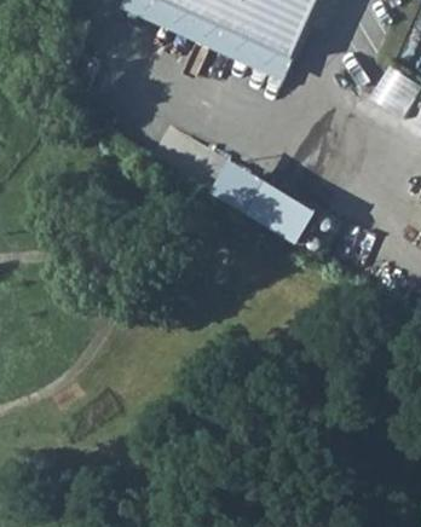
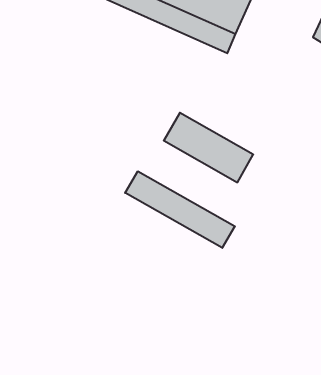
building: none -> [125,171,235,248]

